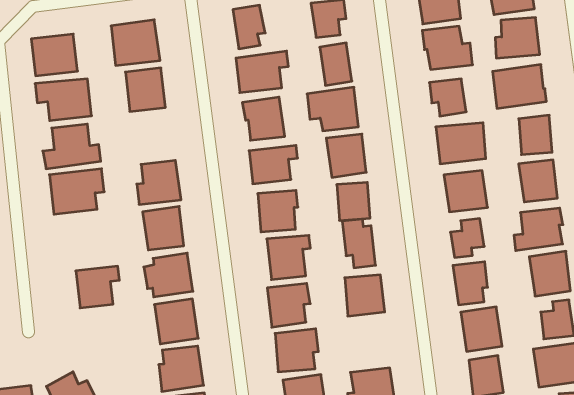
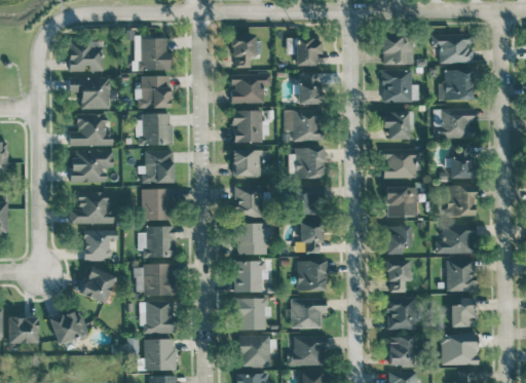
building: none -> [138,114,172,146]
building: none -> [70,193,113,225]
building: none -> [81,269,114,304]
building: none -> [291,300,324,329]

